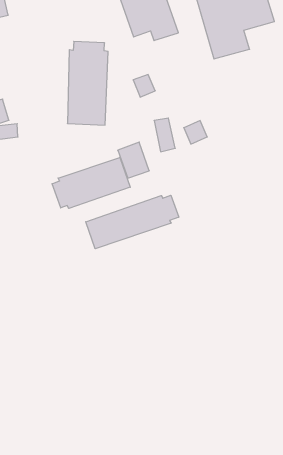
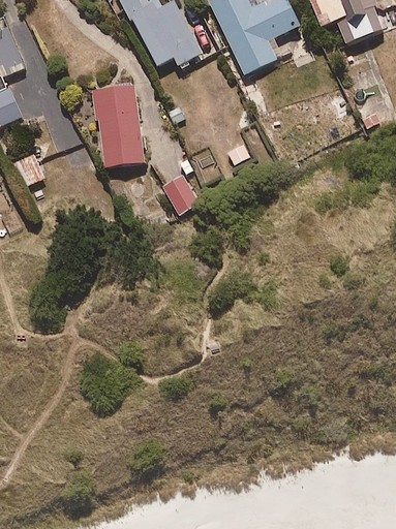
building: [52,157,130,208] -> none
building: [86,195,179,249] -> none

